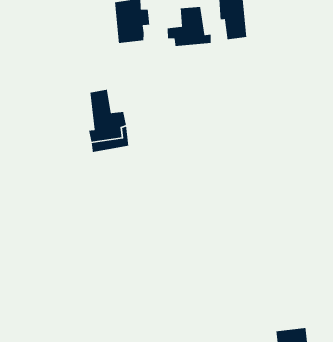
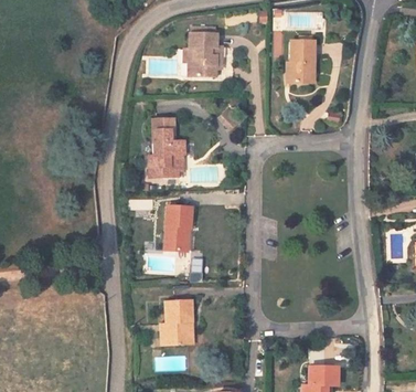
building: [167,6,212,47] -> none
building: none -> [166,205,193,253]
building: none -> [160,301,193,347]

